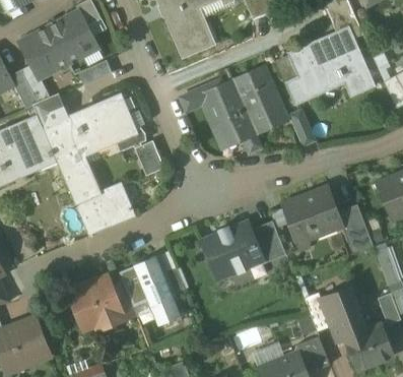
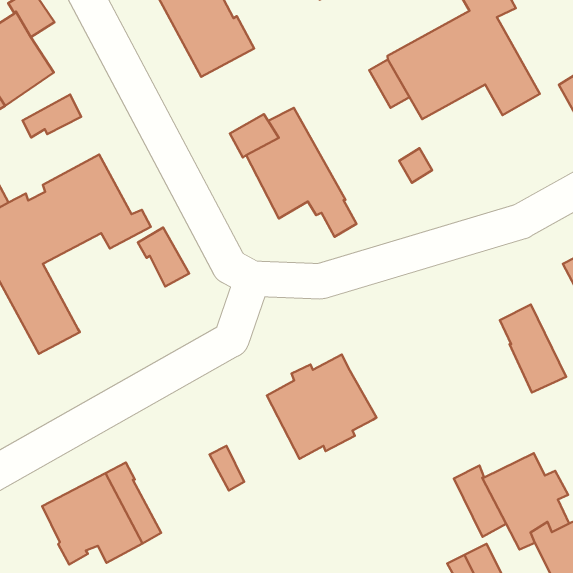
building: [232,65,286,134] -> none
building: [75,184,132,235] -> none
building: [282,186,343,251] -> none
building: [250,222,282,264] -> none
building: [133,256,181,325] -> none

